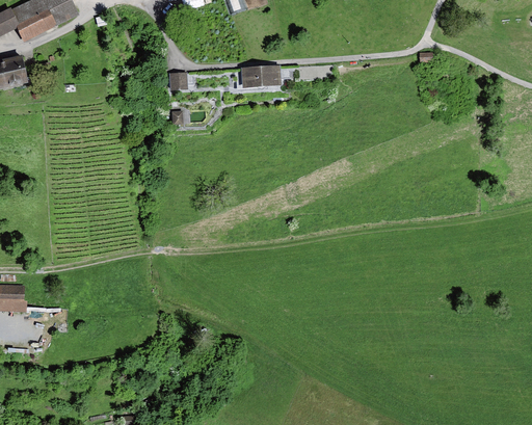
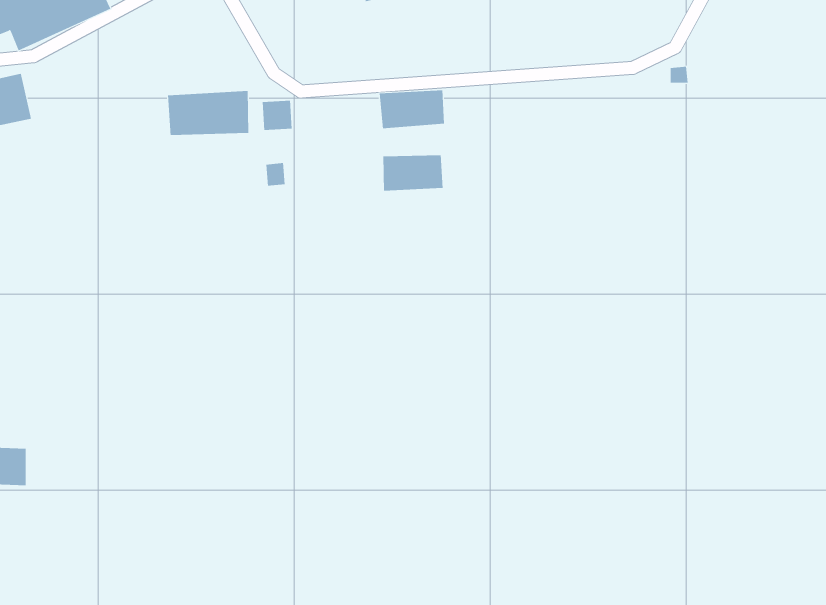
building: none -> [168,90,249,136]
building: none -> [383,155,443,192]

